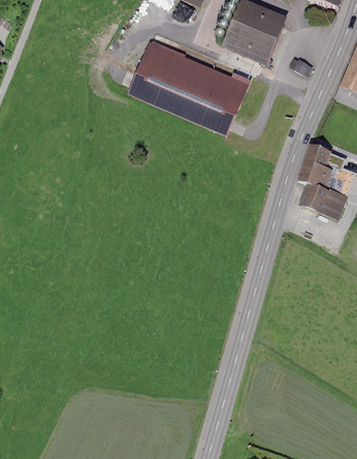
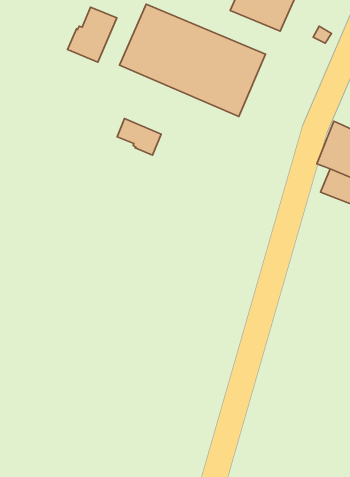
building: none -> [68,7,117,62]
building: none -> [117,118,161,155]

